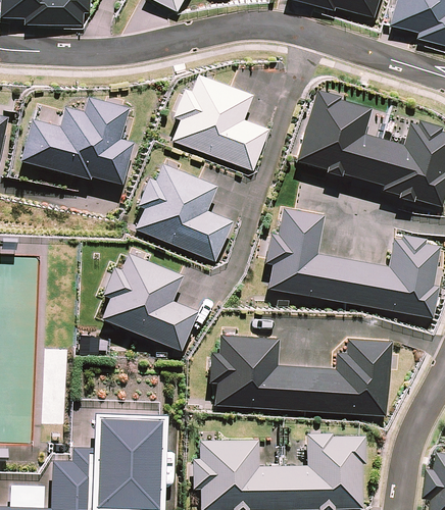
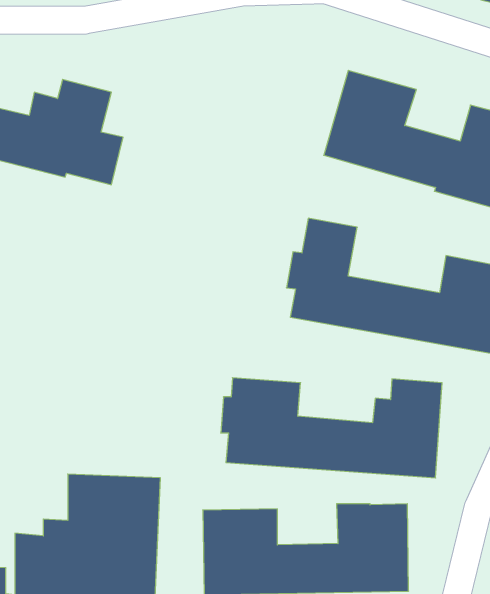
building: [174,78,268,170] -> none
building: [135,166,231,261] -> none
building: [103,255,198,349] -> none

